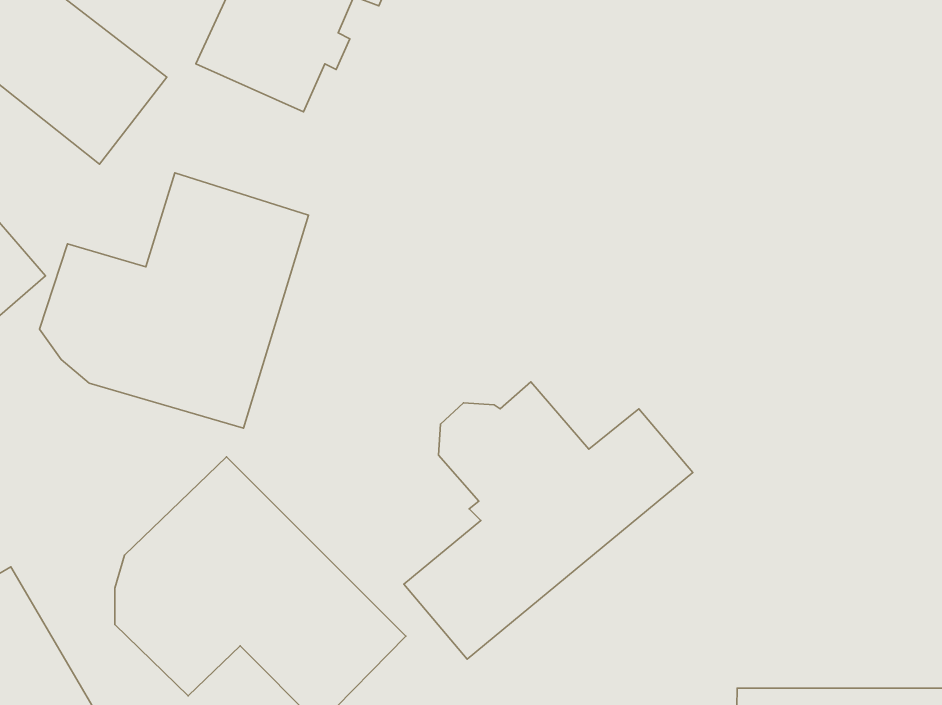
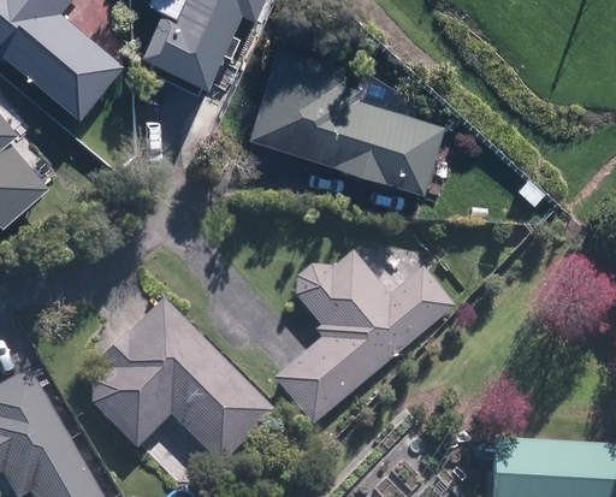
building: none -> [248,48,450,195]
building: [40,173,309,428] -> none

